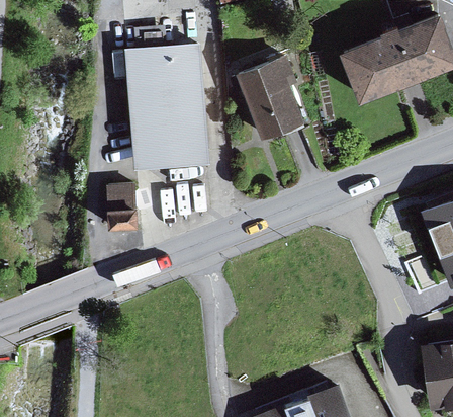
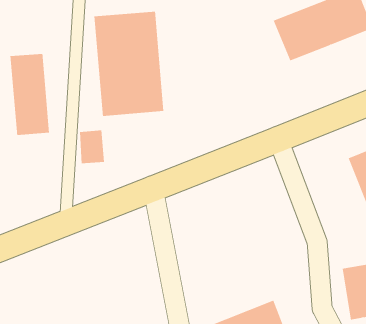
building: [230,52,303,135] -> none
building: none -> [10,53,50,136]

